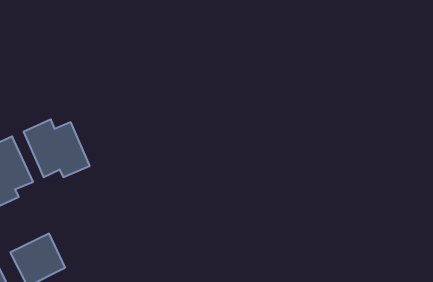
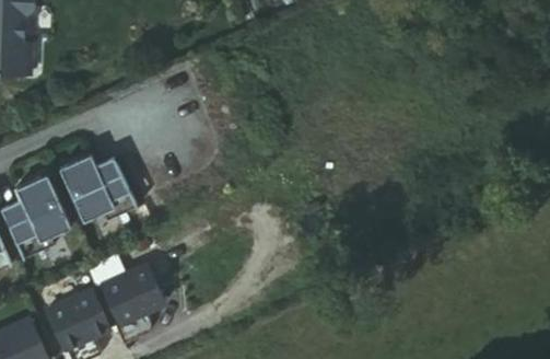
building: none -> [98,262,162,322]

